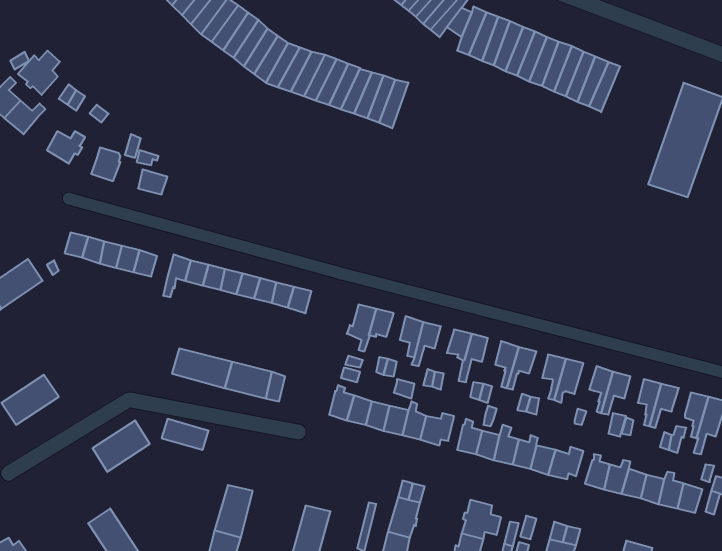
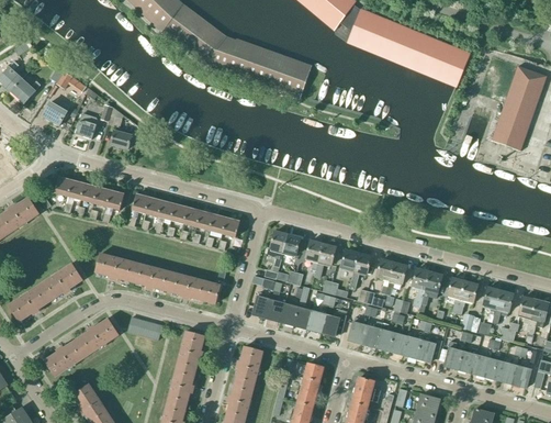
building: [18,51,60,95] -> none
building: none -> [95,253,140,282]
building: none -> [40,263,82,300]
building: none -> [177,331,204,370]
building: none -> [44,338,87,376]
building: none -> [235,346,262,386]

